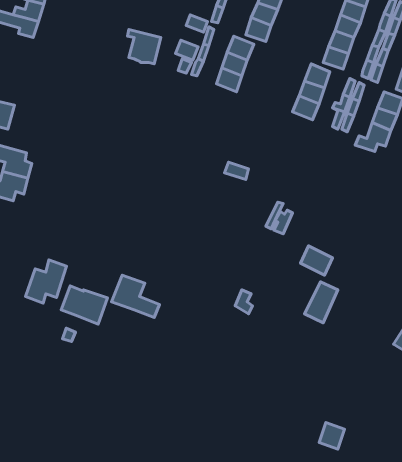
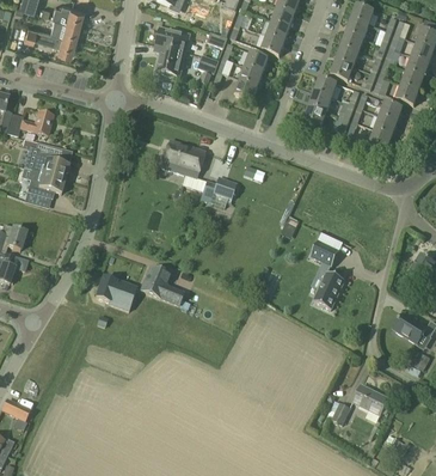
building: none -> [156,26,190,51]
building: none -> [161,139,237,207]
building: [26,260,67,303] -> none
building: none -> [352,384,389,414]

